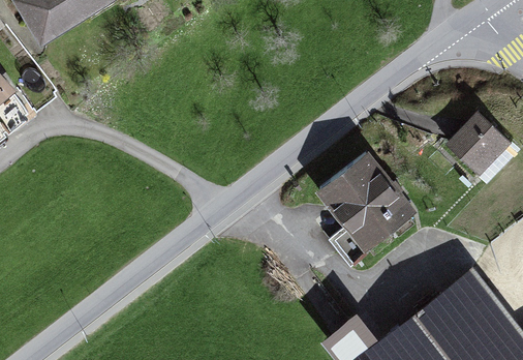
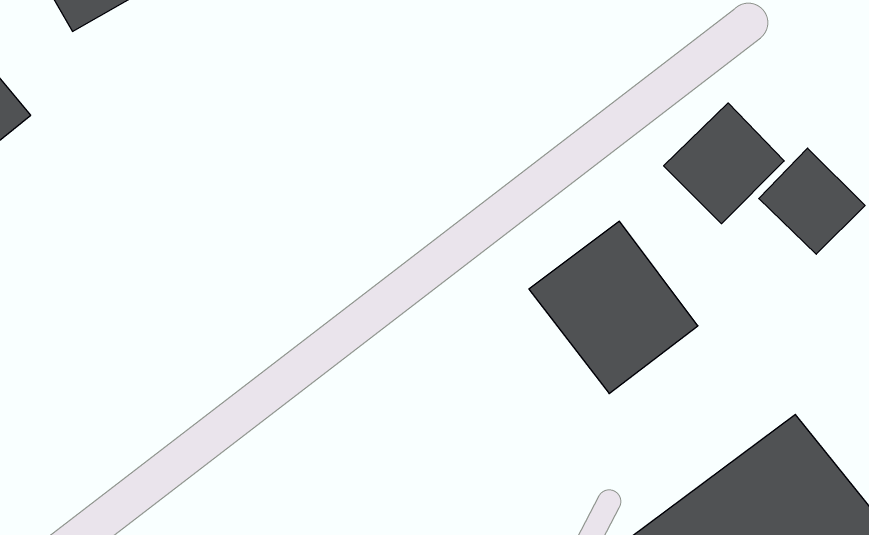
building: none -> [664,103,784,224]

